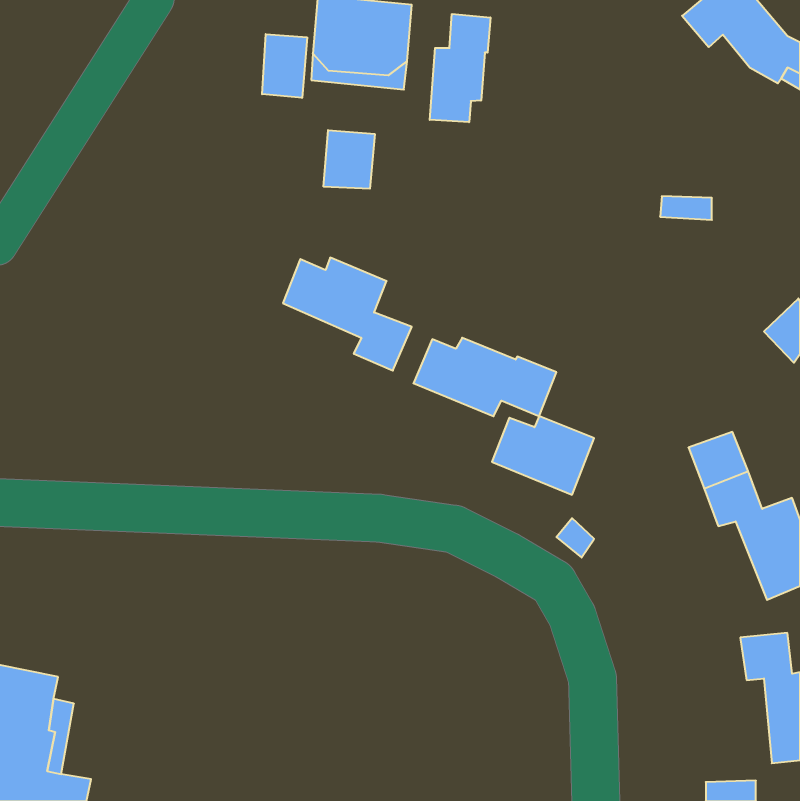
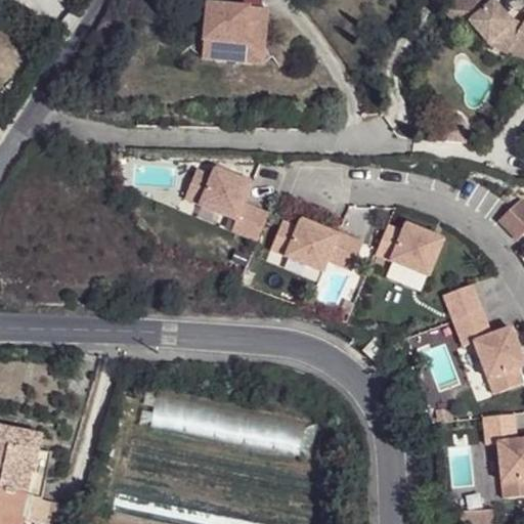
building: [430,14,490,122] -> none
building: [262,34,307,98] -> none
building: [324,130,375,189] -> none
building: [492,416,594,495] -> [375,224,441,275]

